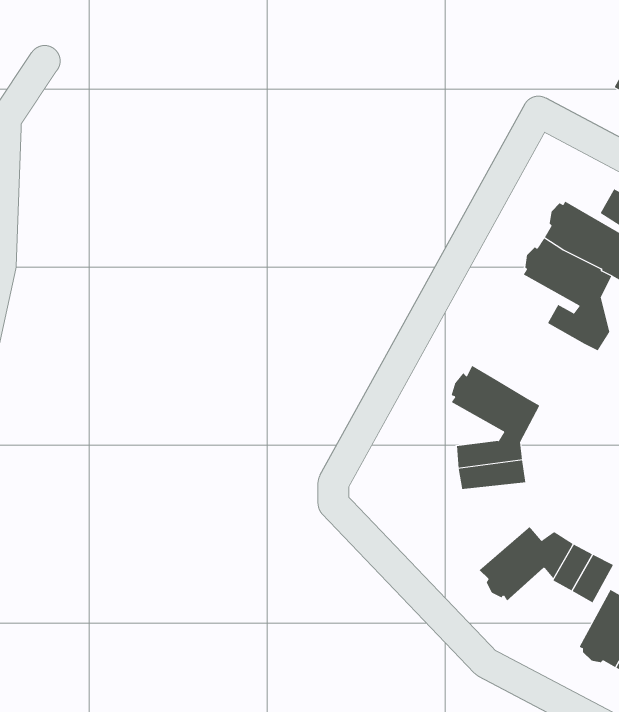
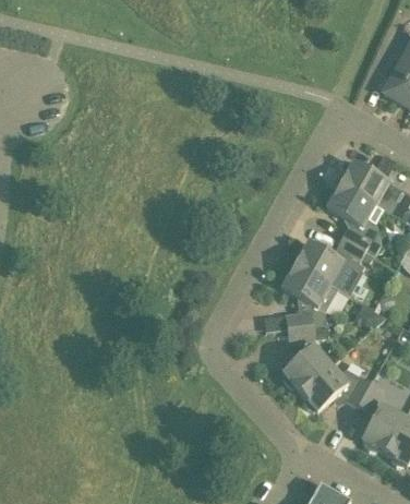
building: none -> [296,238,365,285]
building: none -> [282,345,331,392]

